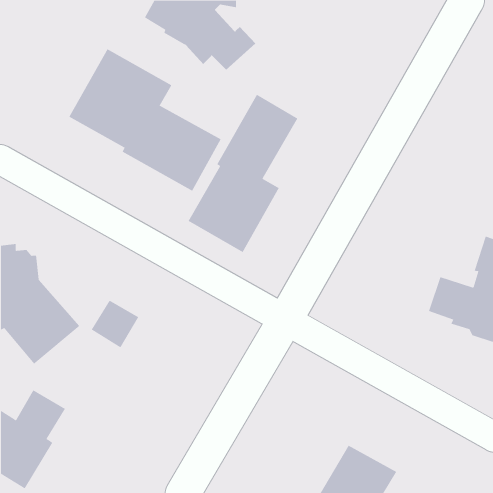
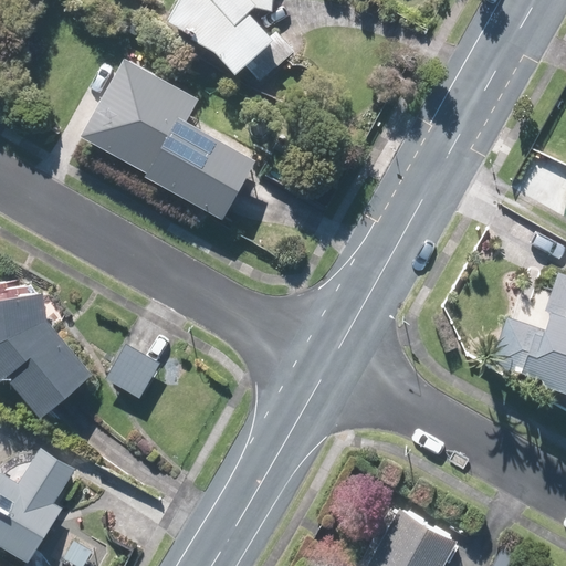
building: [188,94,298,253] -> none

